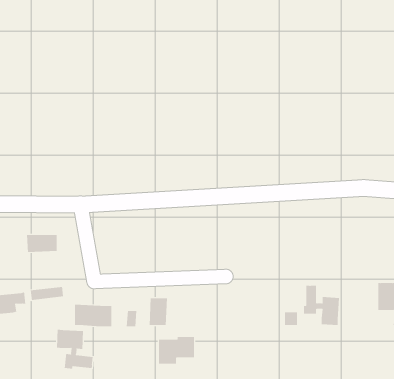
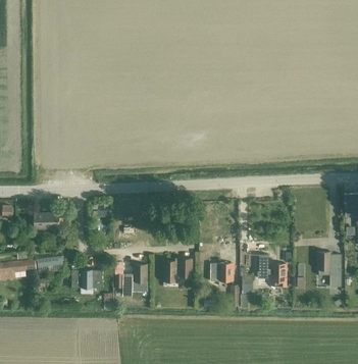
building: none -> [209,263,233,280]
building: [57,329,93,369] -> none
building: [158,337,195,364] -> [162,257,192,279]

